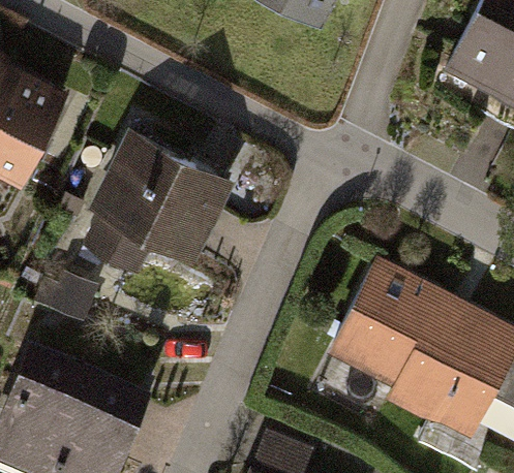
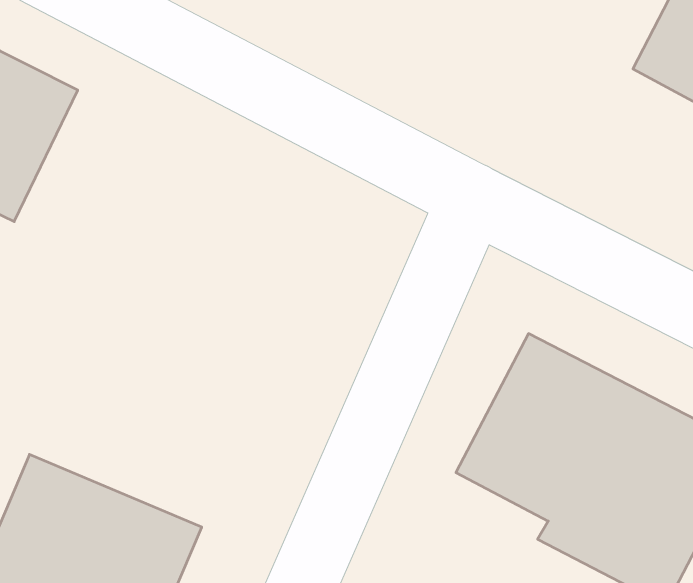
building: [90,140,239,278] -> none

